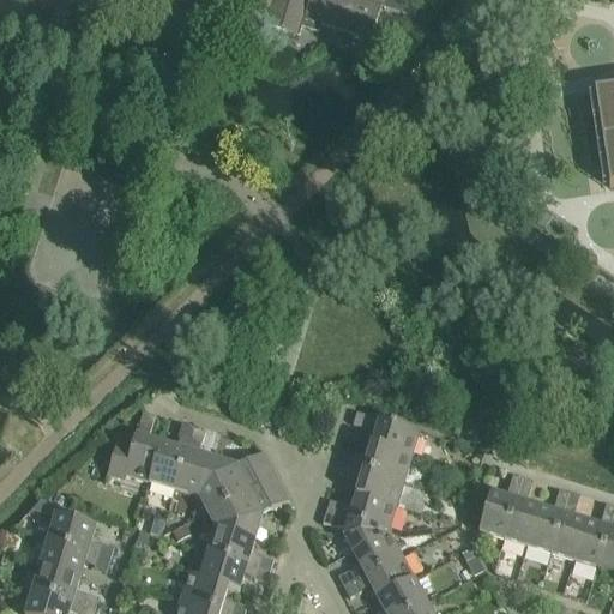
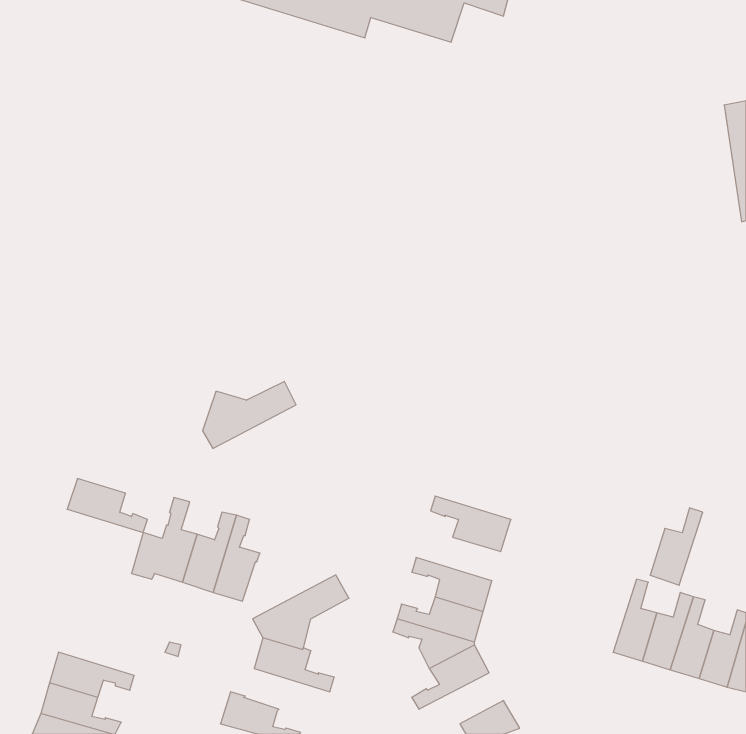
building: [342,441,411,477] -> none
building: [199,453,276,508] -> [203,381,296,448]
building: [480,472,523,536] -> [650,508,703,585]
building: [48,511,114,555] -> [67,479,147,533]
building: [200,549,271,586] -> none
building: [344,553,414,595] -> none

